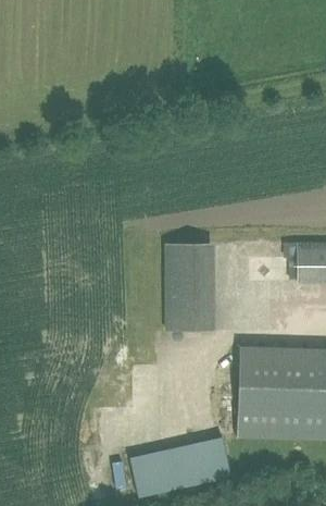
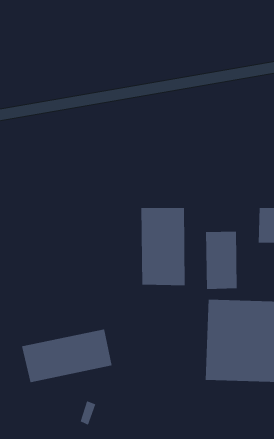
building: none -> [206,231,237,290]
building: [128,436,231,497] -> [21,329,112,383]

